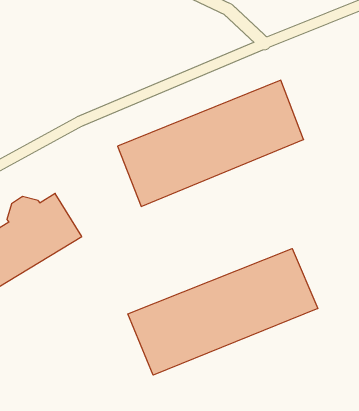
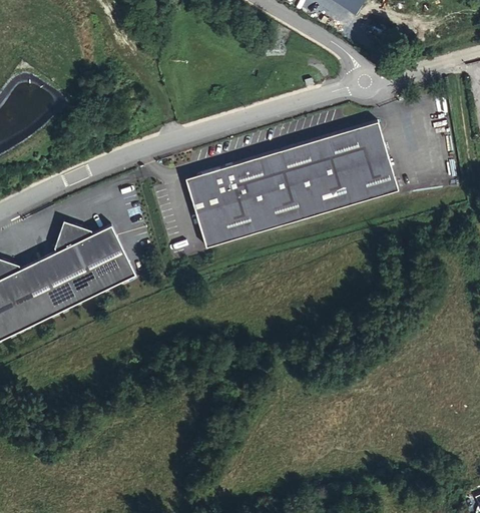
building: [128,249,318,375] -> none

